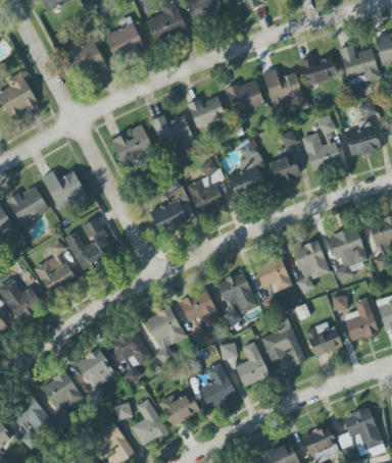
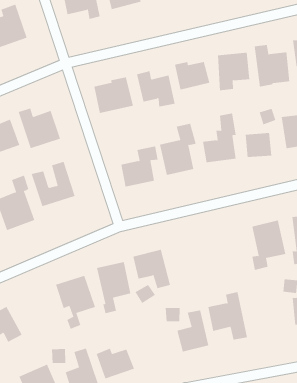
building: [254,255,292,294] -> none
building: [216,271,258,325] -> none
building: [305,326,342,357] -> none
building: [76,348,115,403] -> none
building: [198,362,236,408] -> none

